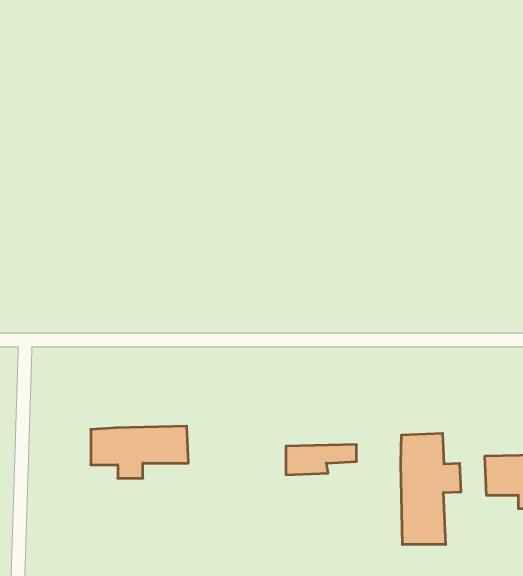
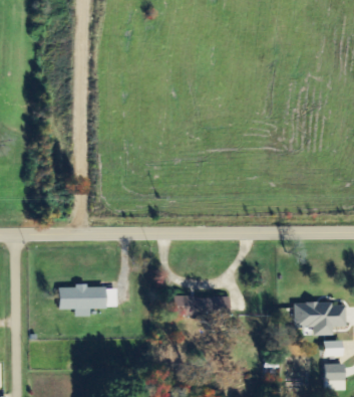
building: [401,433,461,545] -> none

